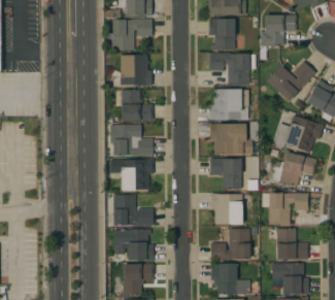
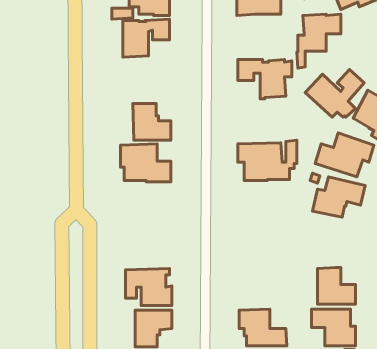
building: [208,19,242,49] -> none
building: [120,55,152,86] -> none
building: [210,89,248,120] -> none
building: [209,158,241,190] -> none
building: [110,159,154,190] -> none
building: [262,192,308,224] -> none
building: [210,193,242,225] -> none
building: [113,194,153,226] -> none
building: [210,229,250,260] -> none

